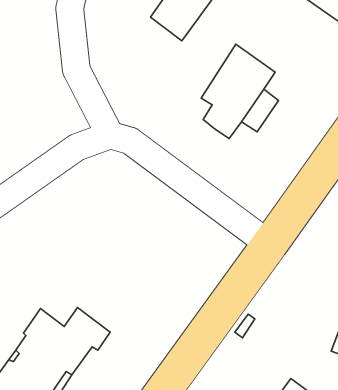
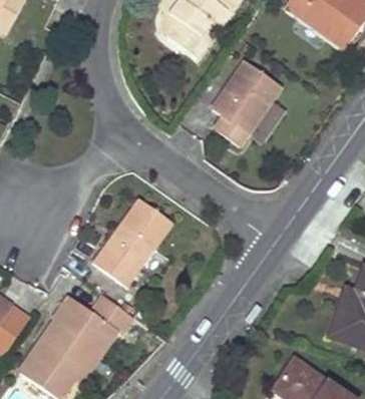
building: none -> [93,196,173,287]

